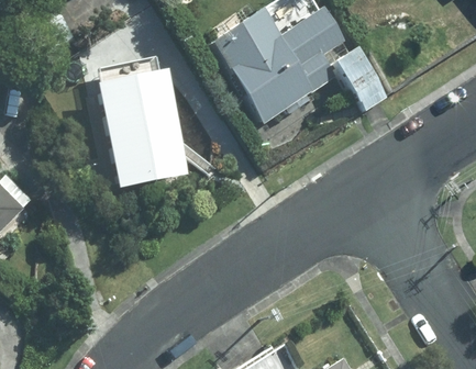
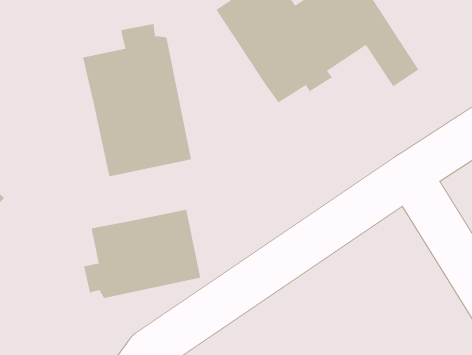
building: none -> [83,209,201,299]

